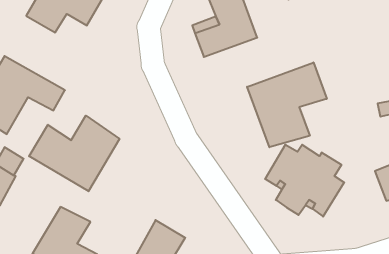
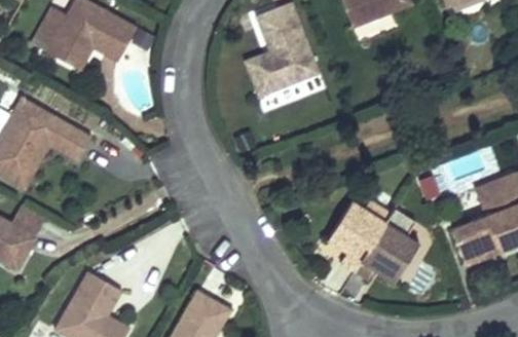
building: [247,62,327,147] -> none
building: [29,116,119,191] -> none

